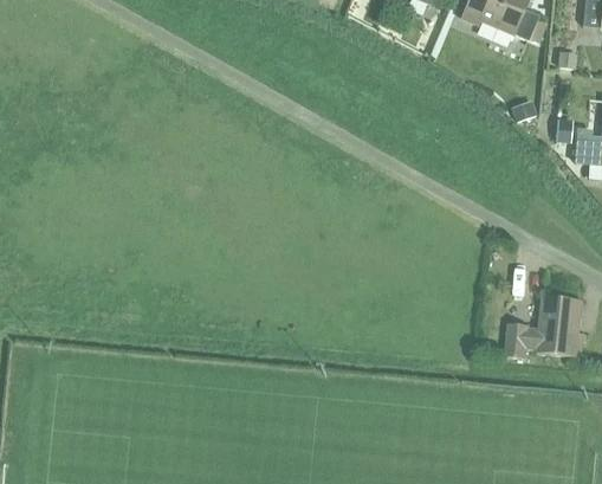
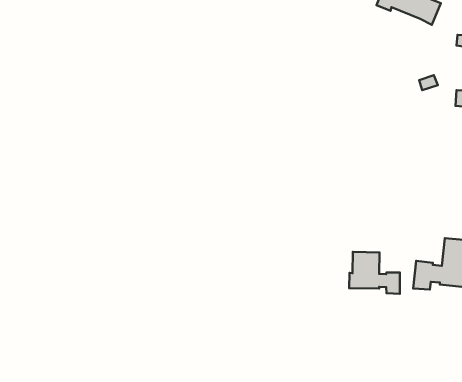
building: none -> [349,252,400,294]

